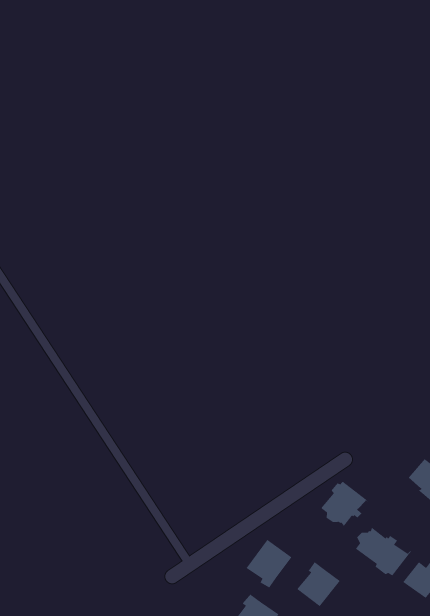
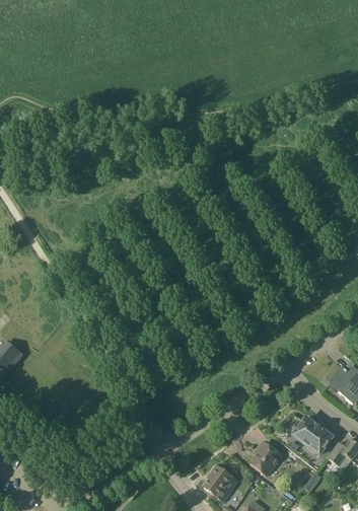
building: [320,481,370,532] -> none
building: [246,539,292,589] -> none

